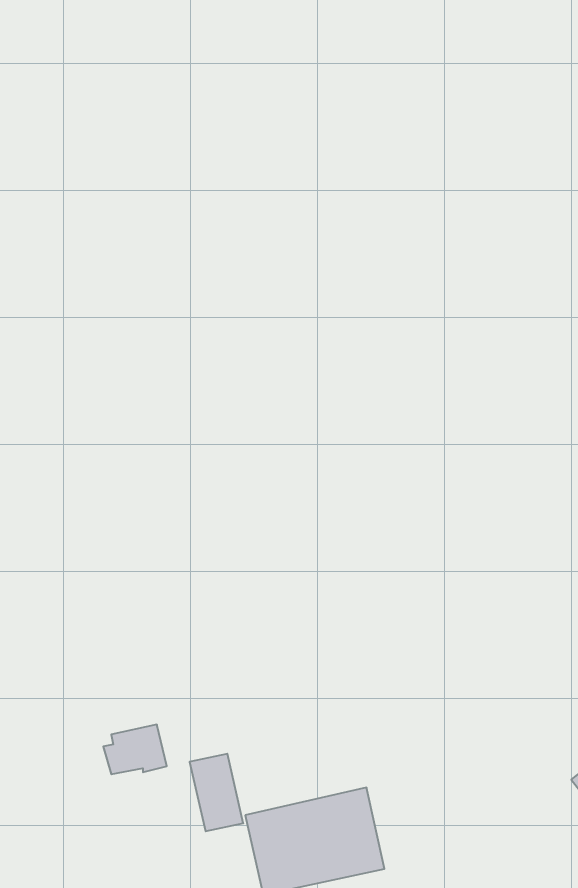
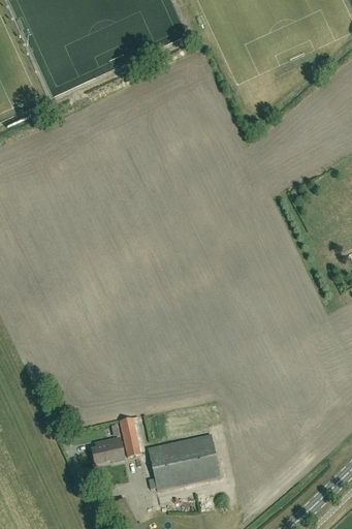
building: [103,725,167,774] -> [91,438,124,464]

